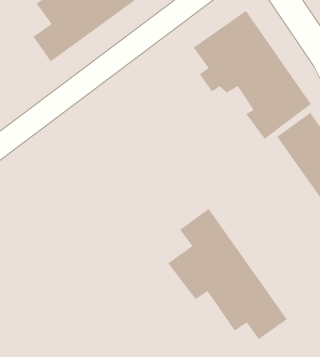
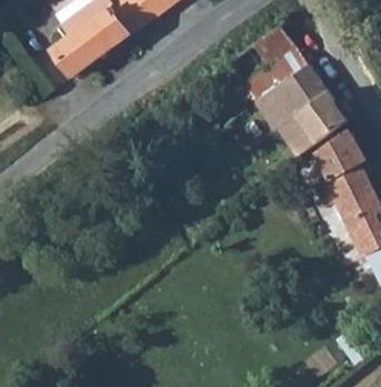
building: [167,208,288,340] -> none

